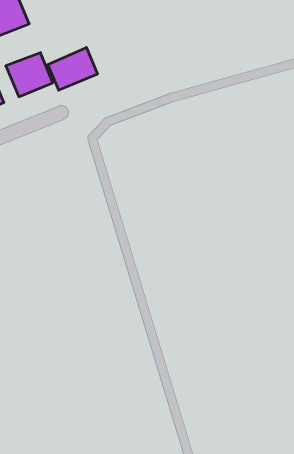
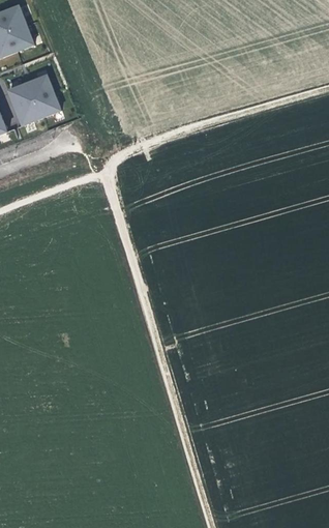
building: [48,47,97,90] -> none

